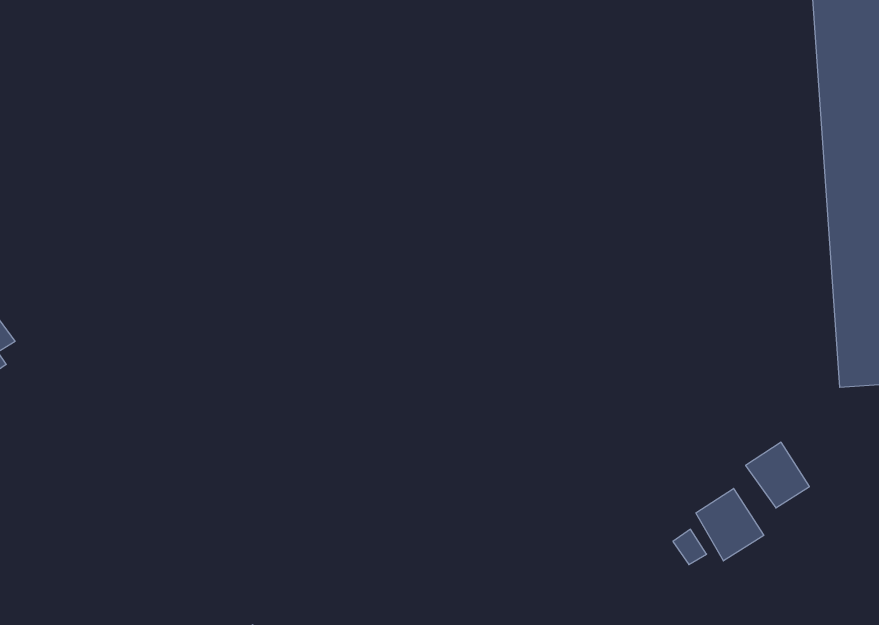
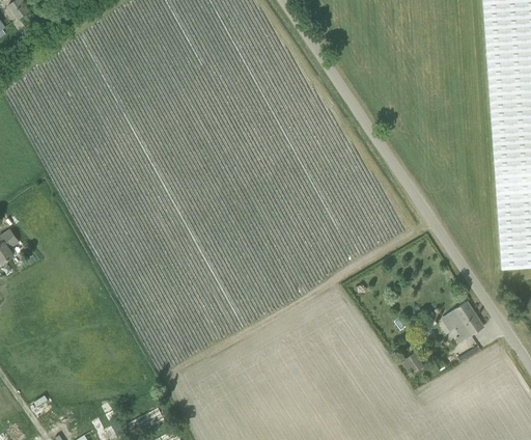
building: [696,488,764,561] -> none

